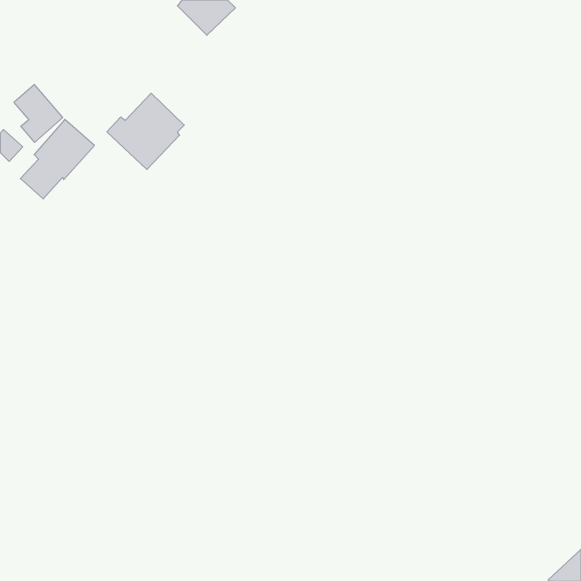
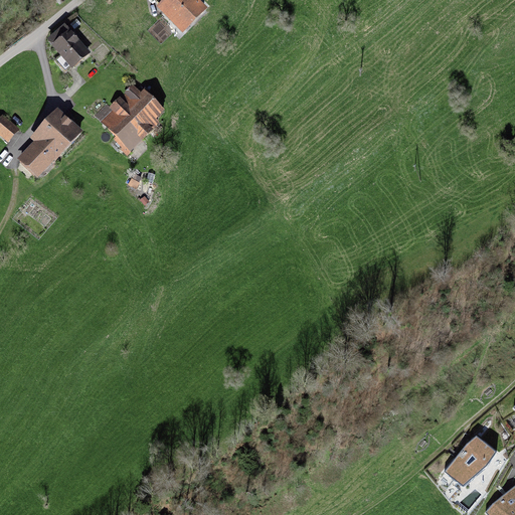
building: [14,84,63,142] -> [47,23,91,74]
building: none -> [445,435,496,489]

